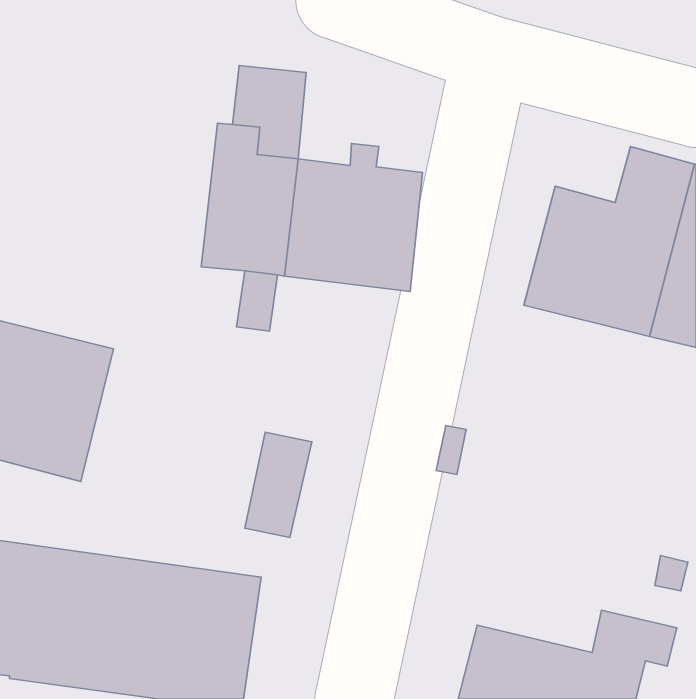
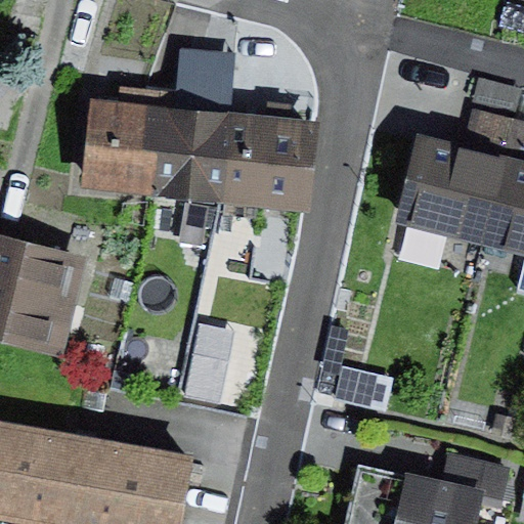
building: none -> [81,87,163,200]

